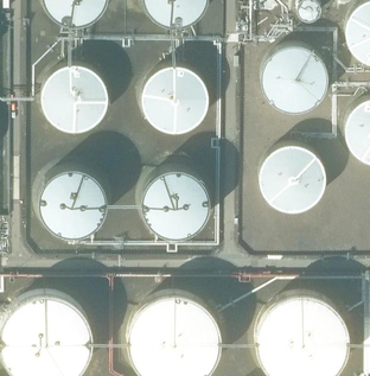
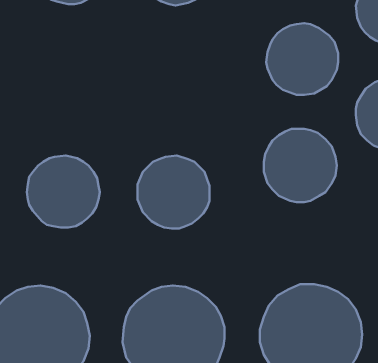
building: [42,68,109,135] -> none
building: [142,69,210,135] -> none

